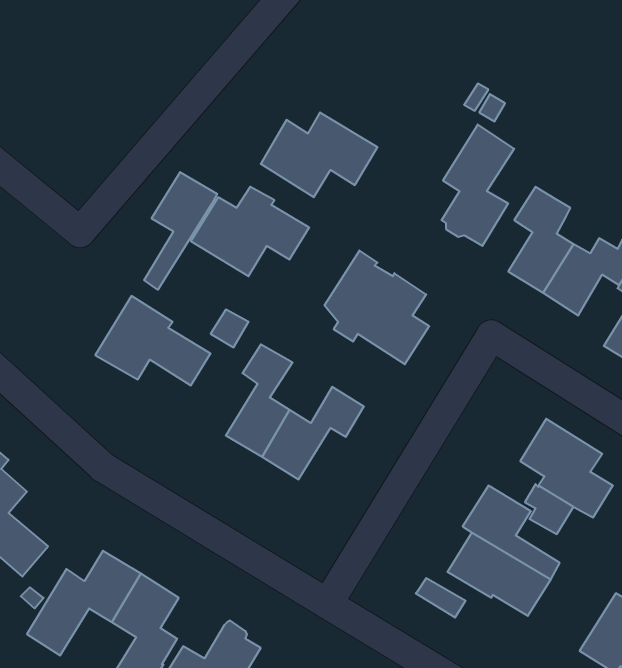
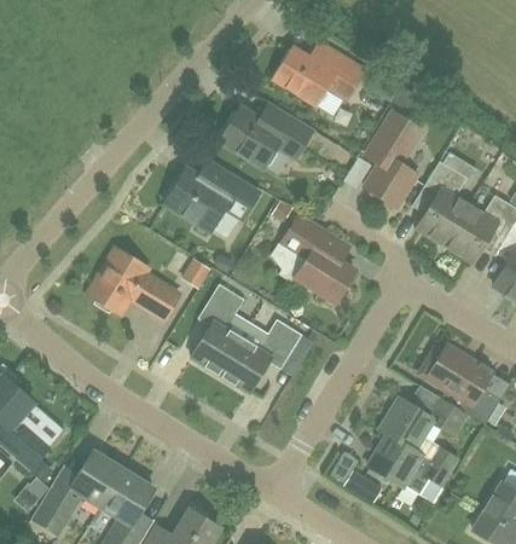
building: none -> [272,42,363,104]
building: [144,172,217,290] -> none

